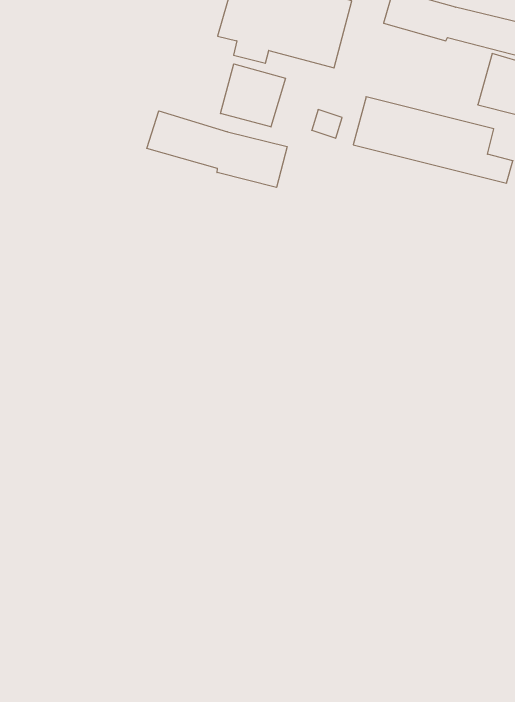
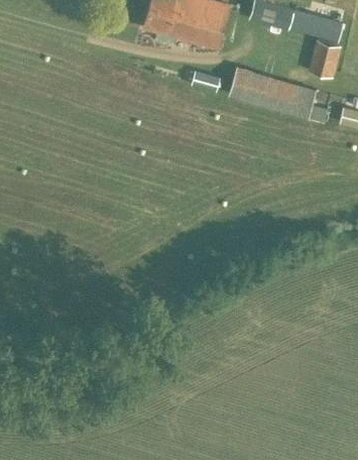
building: [221,64,286,127] -> none
building: [147,111,287,187] -> none

